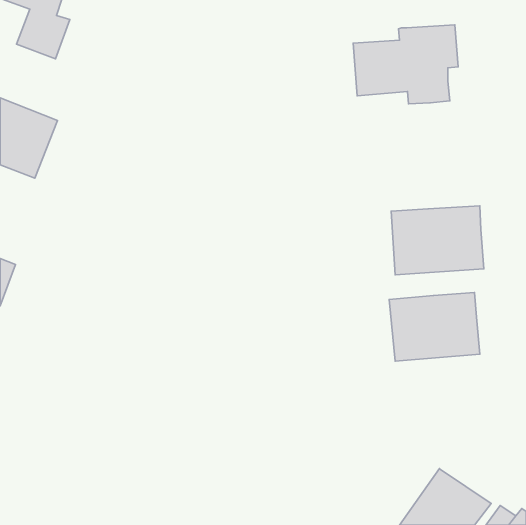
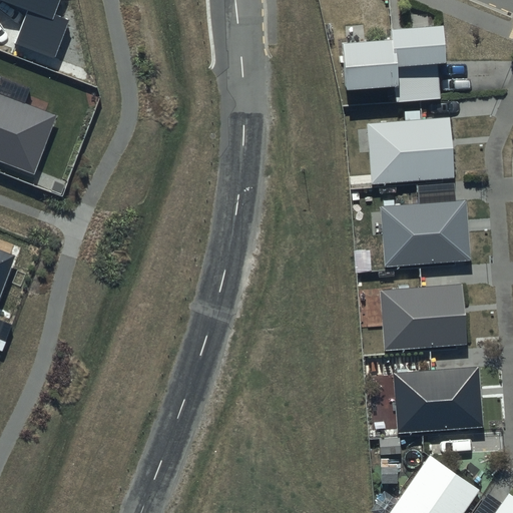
building: none -> [367,118,454,186]
building: none -> [393,366,482,433]

